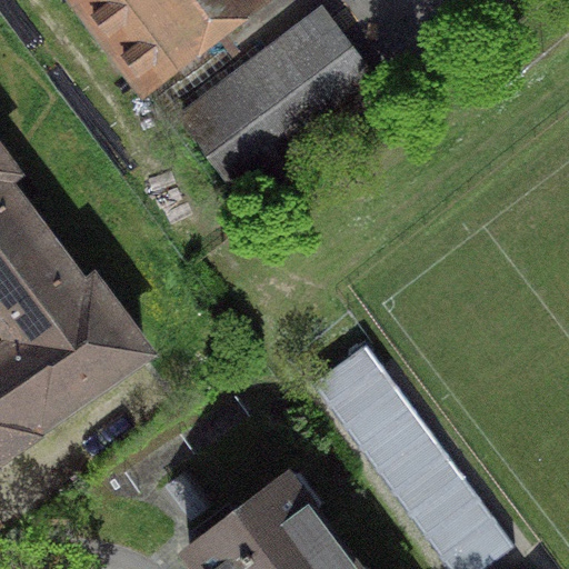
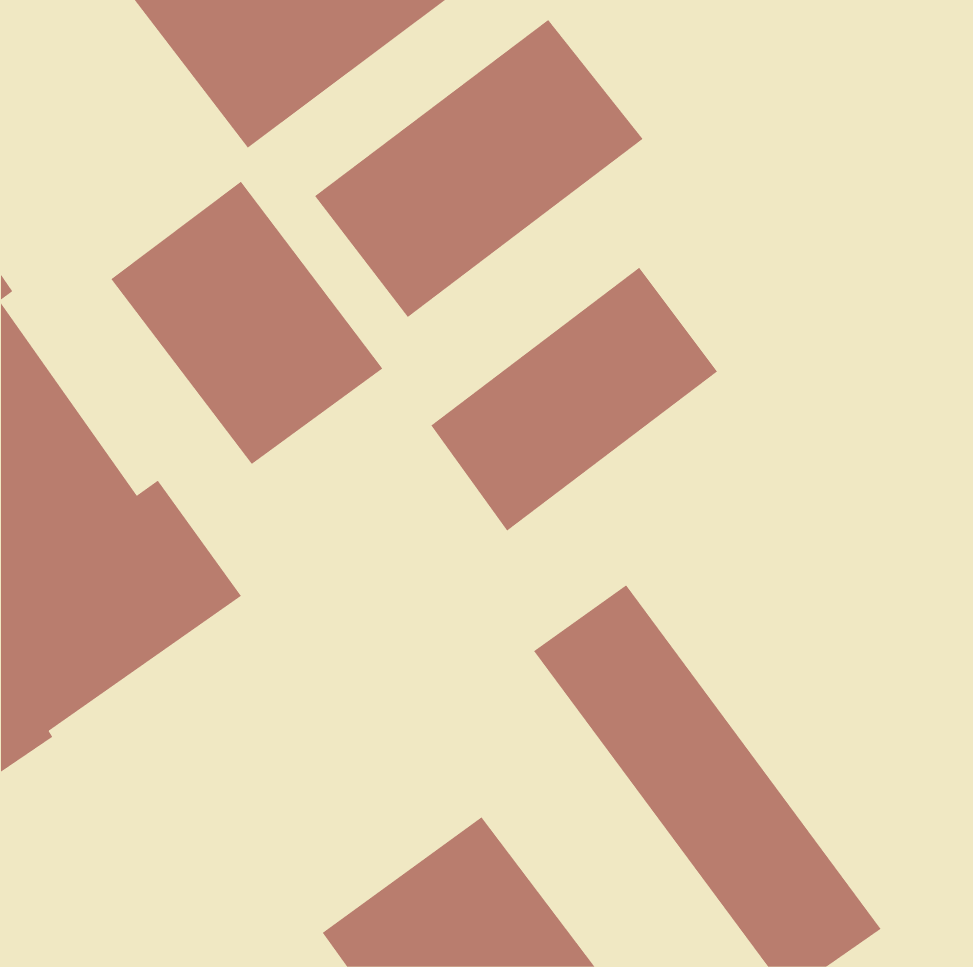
building: none -> [111,181,383,465]
building: none -> [431,267,718,531]

